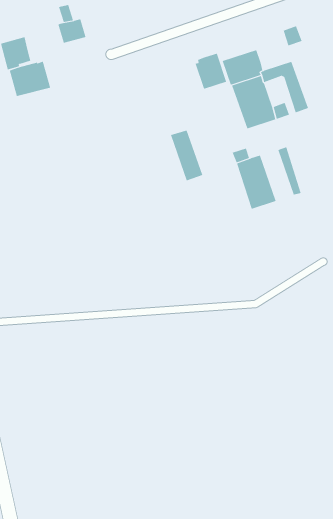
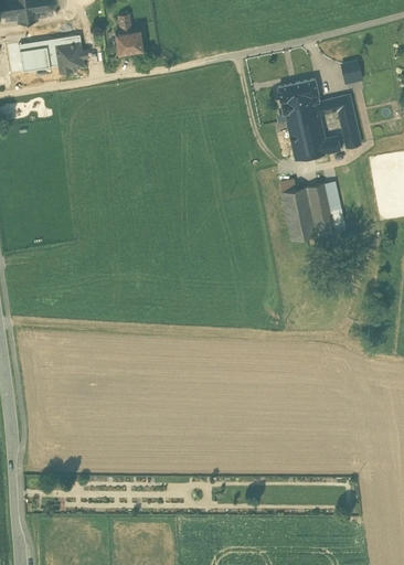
building: [195,53,227,90] -> none
building: [9,61,51,97] -> none
building: [170,130,203,181] -> [307,184,336,236]

